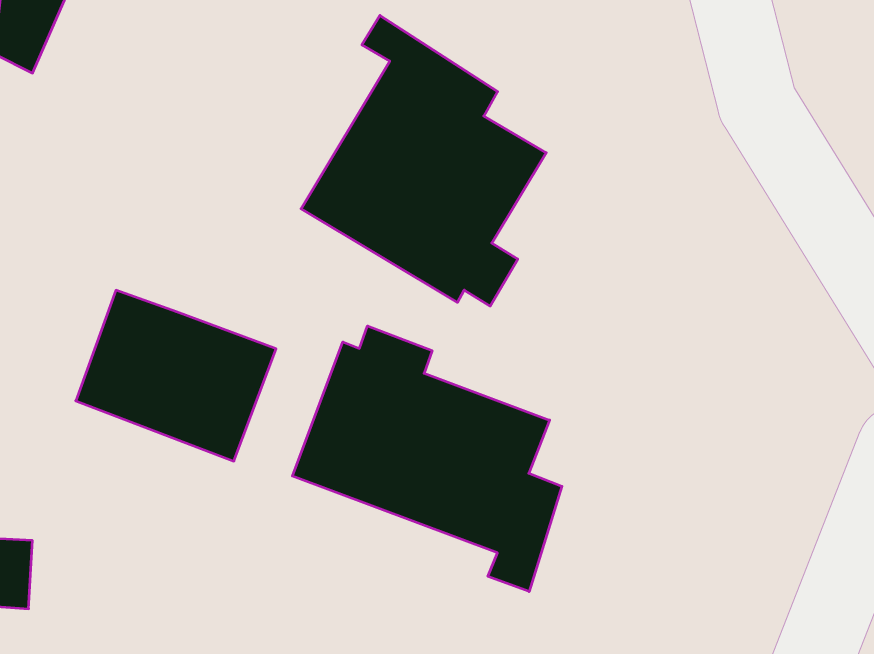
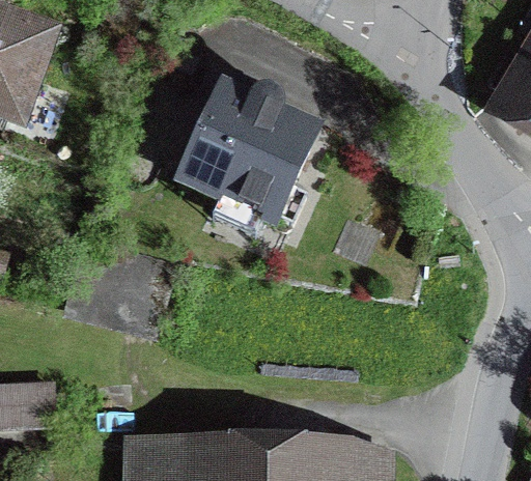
building: [292,326,562,592] -> none

